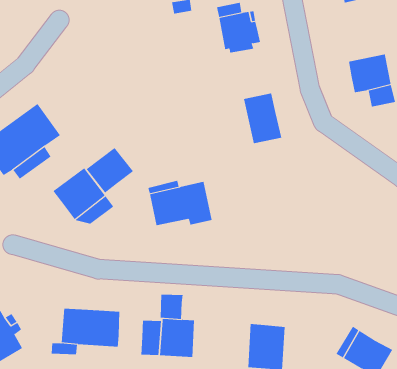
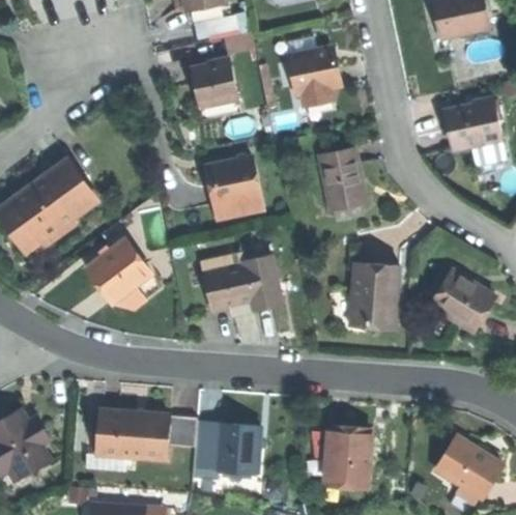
building: none -> [191,58,237,107]
building: none -> [210,156,258,204]
building: [86,147,134,194] -> none
building: none -> [348,261,398,327]
building: none -> [430,269,491,328]
building: [160,294,183,319] -> [167,414,196,446]

